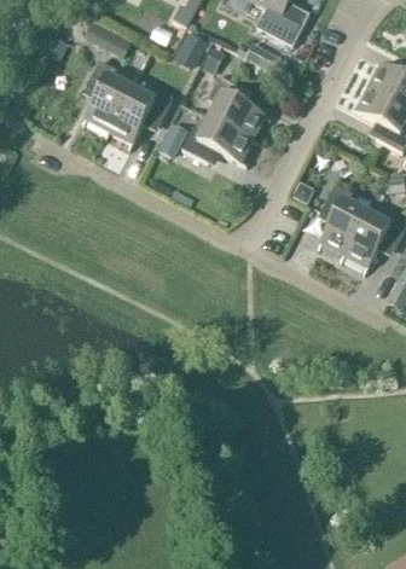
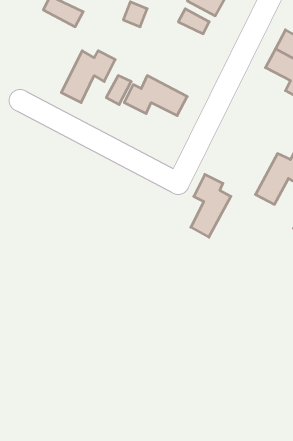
building: [82,59,130,137] -> none
building: [208,77,269,141] -> none
building: [318,184,366,260] -> [191,174,231,237]

